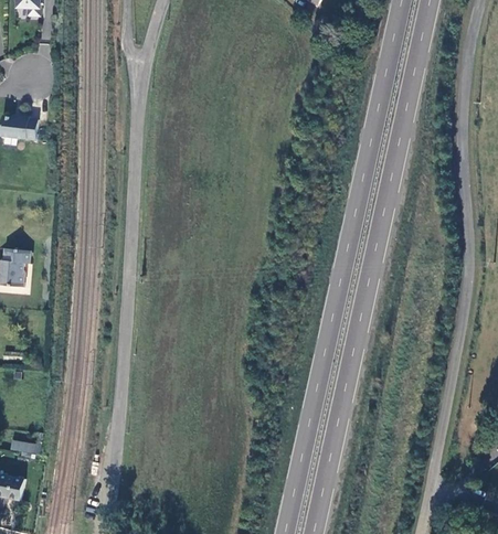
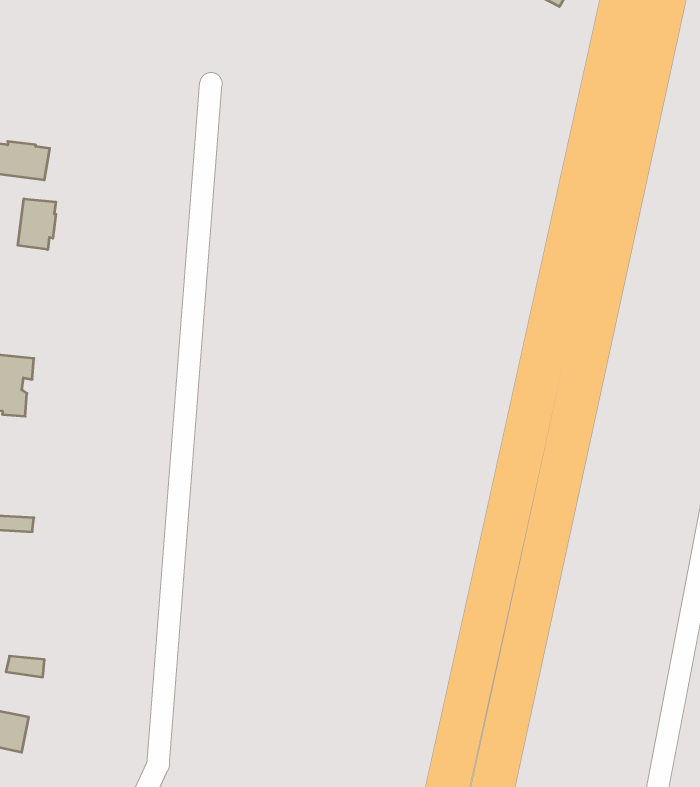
building: none -> [18,199,56,250]

